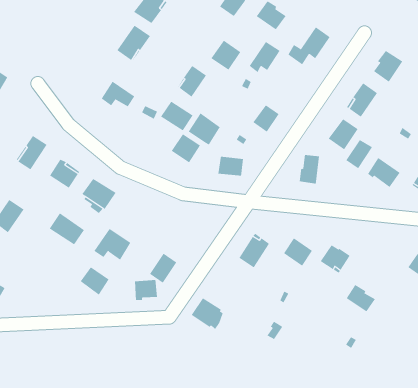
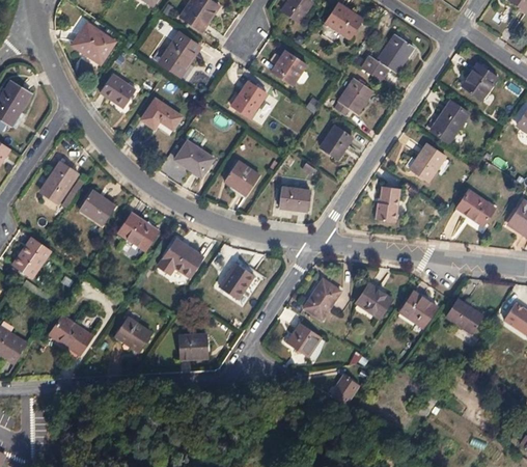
building: none -> [71,22,115,62]
building: [249,41,281,73] -> [334,78,371,115]
building: none -> [100,73,135,107]
building: [160,101,194,131] -> [174,140,214,176]
building: [188,113,221,145] -> none
building: [346,139,373,169] -> none
building: [49,213,85,245] -> [50,315,92,354]
building: [93,228,131,260] -> [158,239,202,277]
building: [149,253,177,283] -> [220,263,253,299]
building: [346,284,376,312] -> [446,298,481,331]
building: [191,297,223,330] -> [285,322,324,360]

